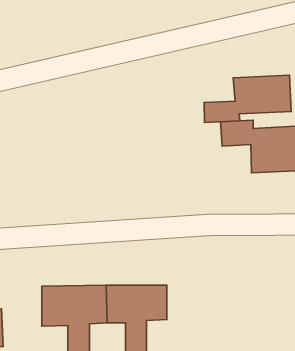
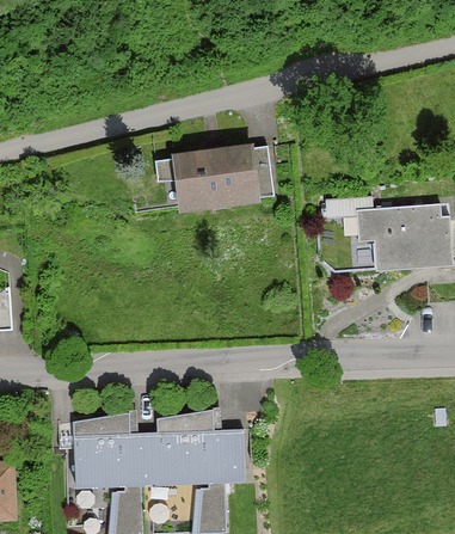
building: [204,75,291,122] -> none
building: none -> [170,134,264,201]

